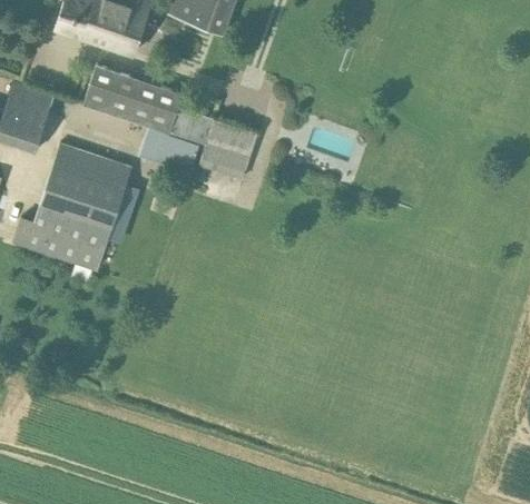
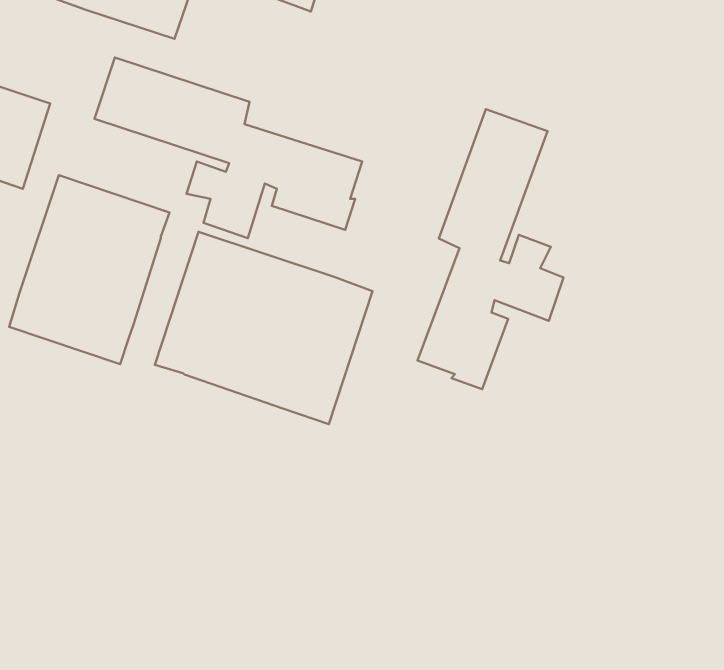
building: none -> [417,109,564,389]
building: none -> [155,232,372,424]

